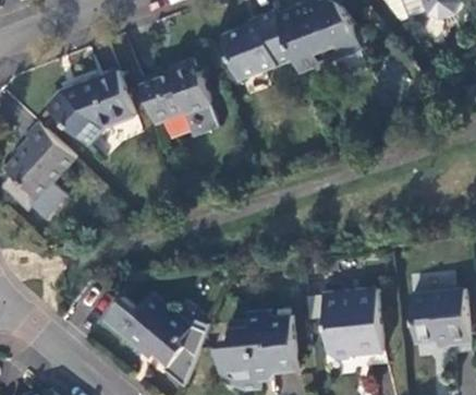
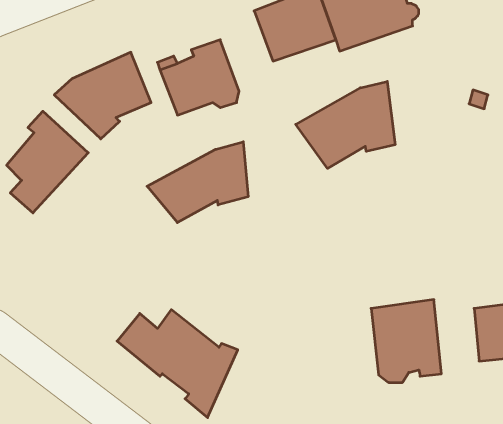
building: none -> [296,81,395,168]
building: none -> [147,142,248,223]
building: [216,306,296,386] -> none

